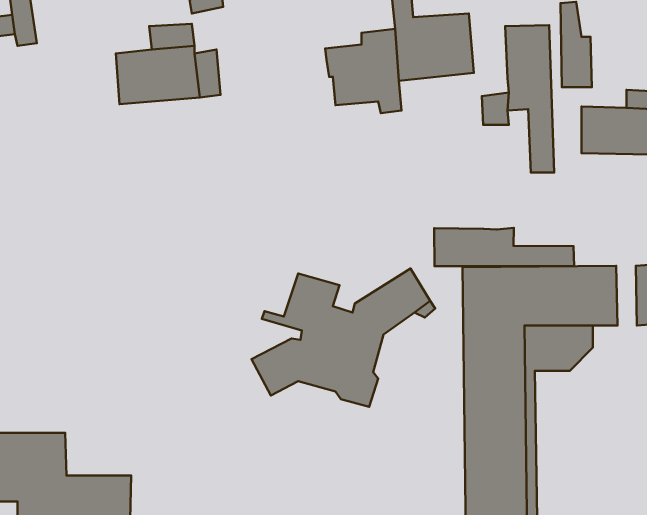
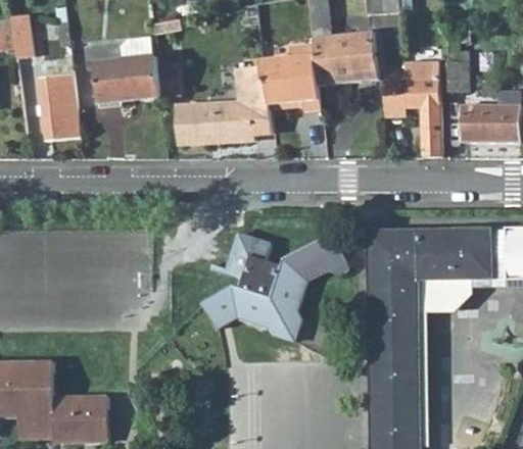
building: none -> [177,66,271,143]
building: none -> [39,70,78,141]
building: [434,228,574,266] -> none

